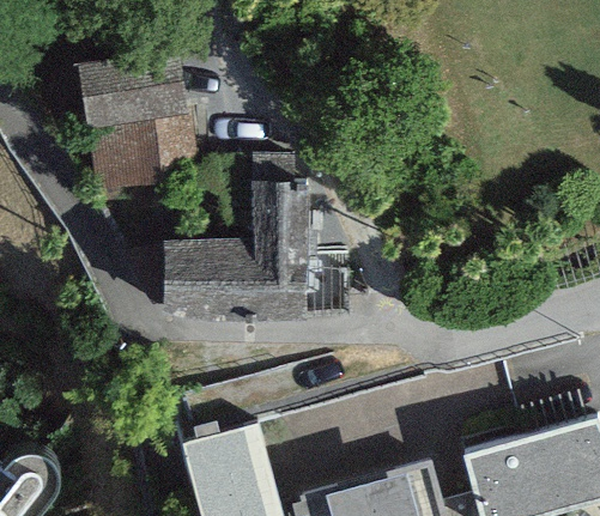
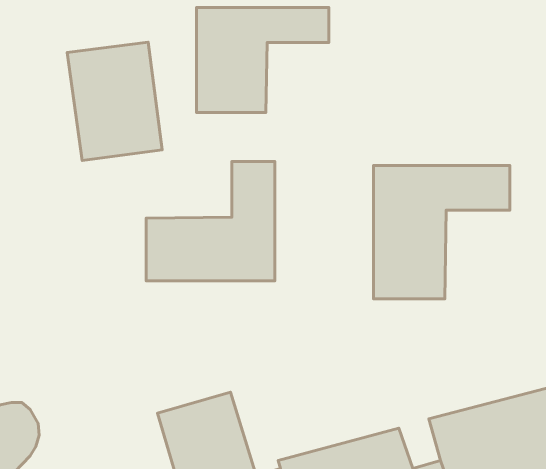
building: none -> [197,8,329,112]
building: none -> [374,166,510,299]

